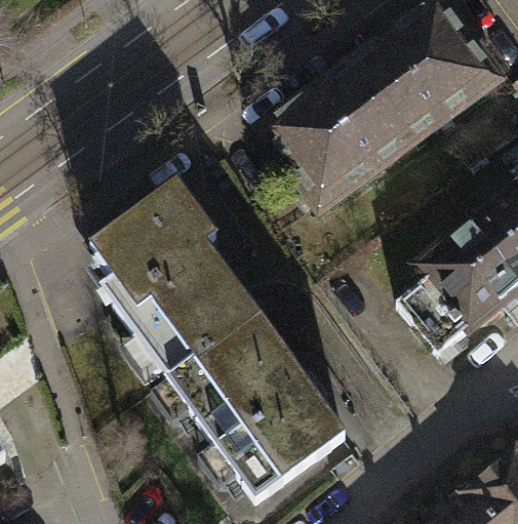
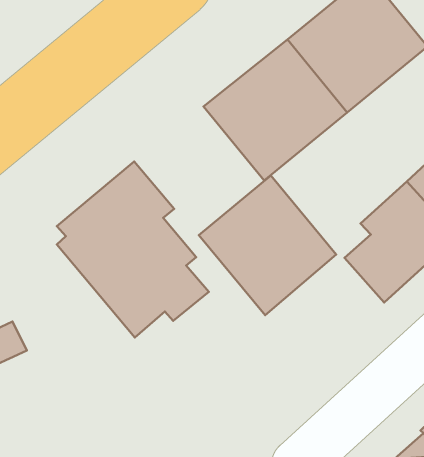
building: none -> [199,175,336,315]
building: [171,319,349,497] -> none

